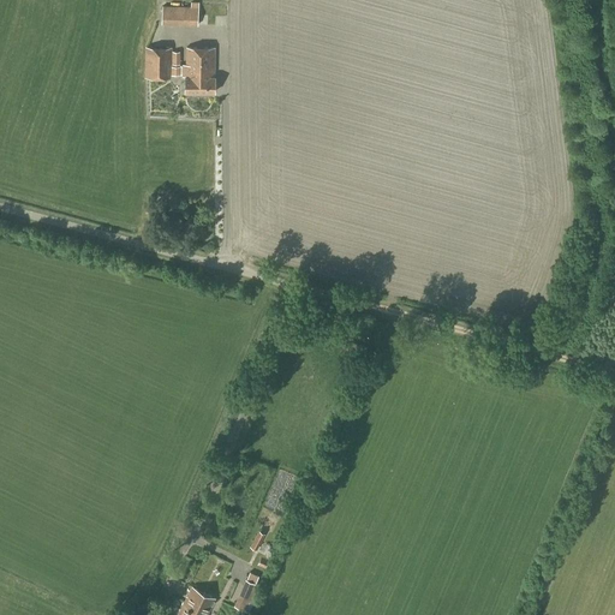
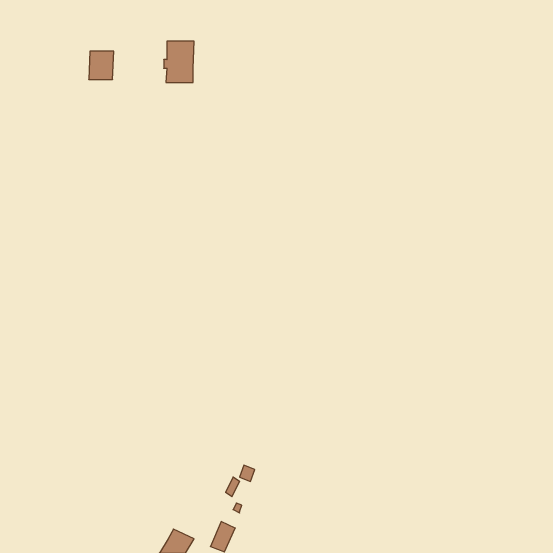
building: [162,5,199,24] -> none
building: [145,46,173,77] -> [89,51,114,79]

